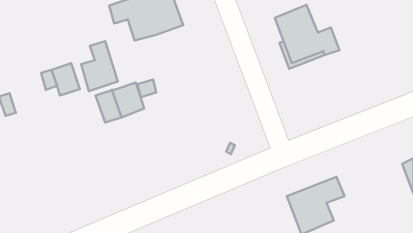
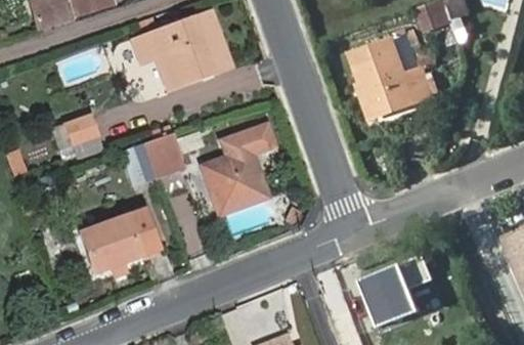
building: [81,41,118,91] -> none
building: none -> [202,127,272,217]
building: none -> [80,214,159,275]

